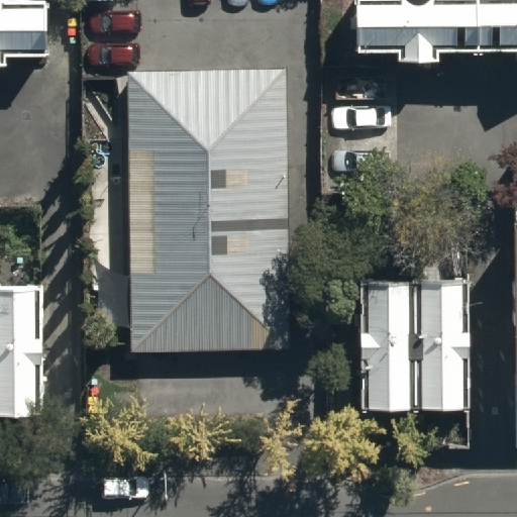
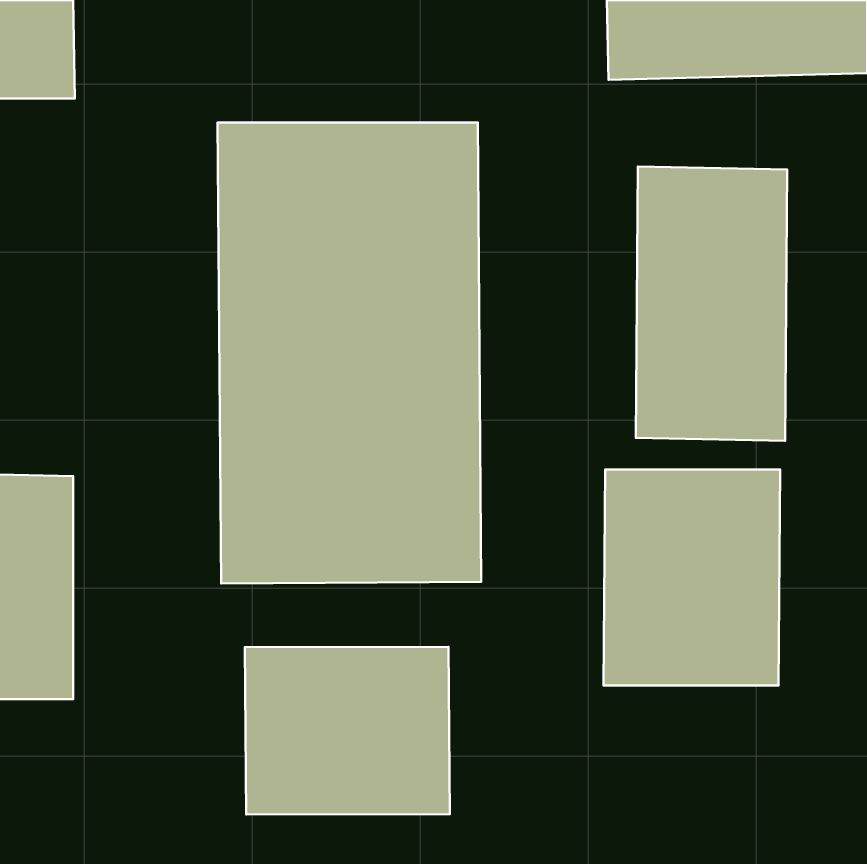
building: none -> [636,166,787,441]
building: none -> [245,647,450,815]

